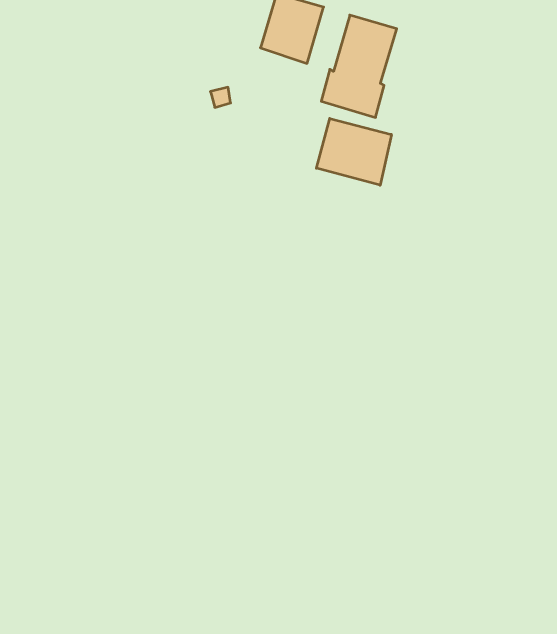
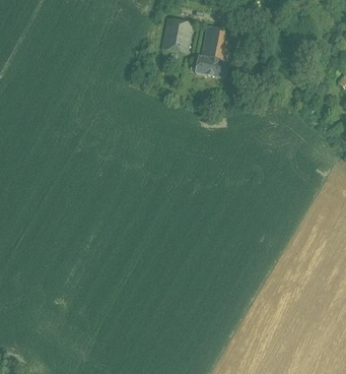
building: [316,118,391,185] -> none

